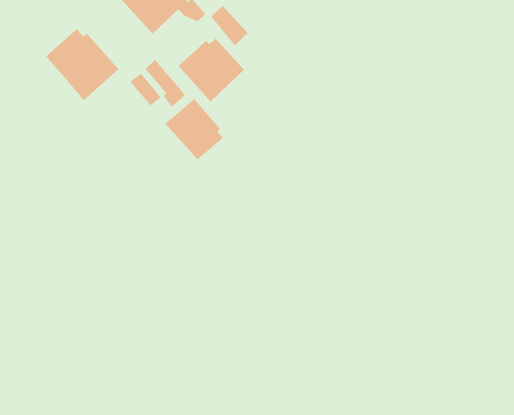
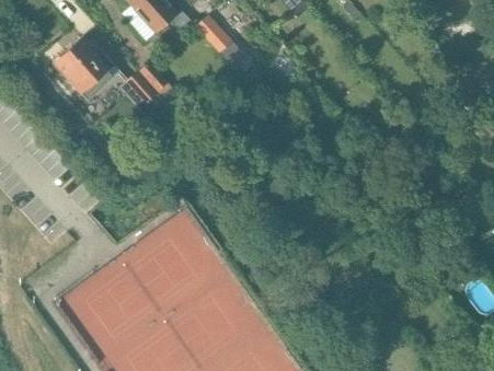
building: [178,38,245,102] -> none
building: [165,98,224,161] -> none

